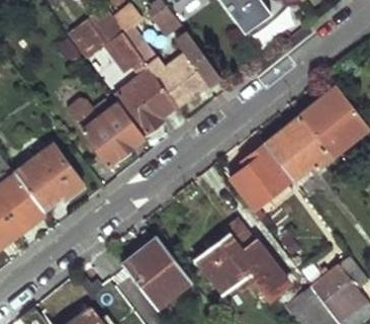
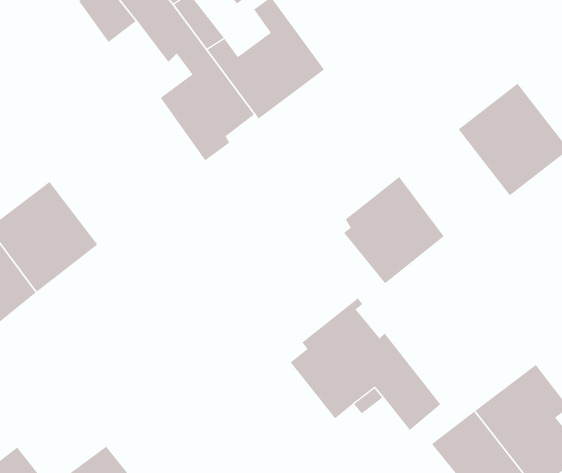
building: [71,100,145,166] -> none
building: [265,113,332,178] -> none
building: [121,236,191,308] -> none

